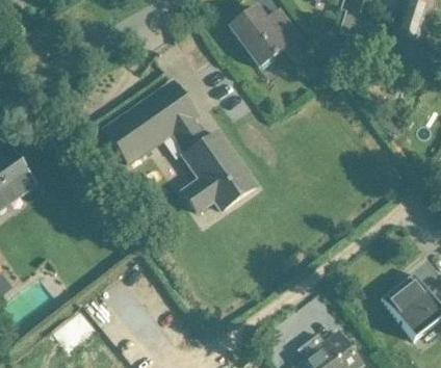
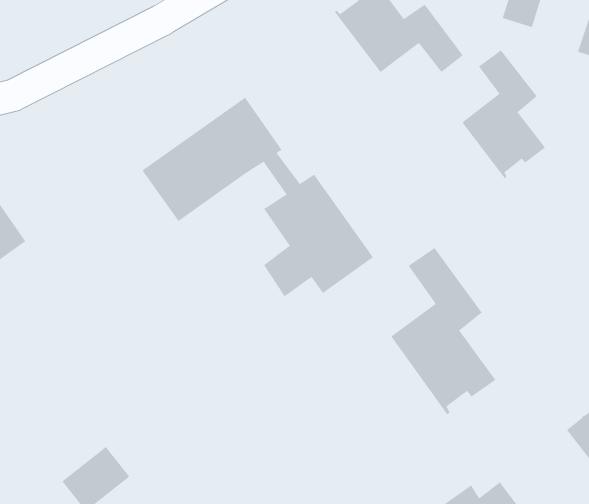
building: none -> [461,49,546,179]
building: none -> [390,247,496,415]

